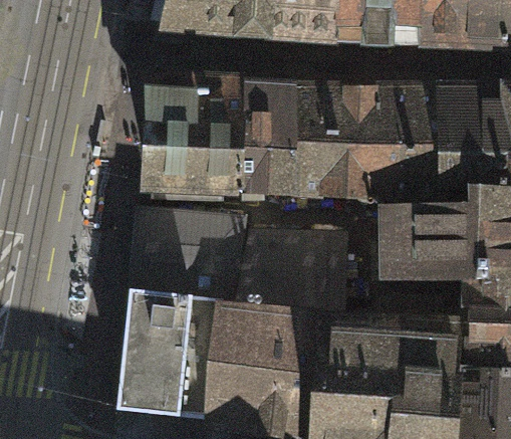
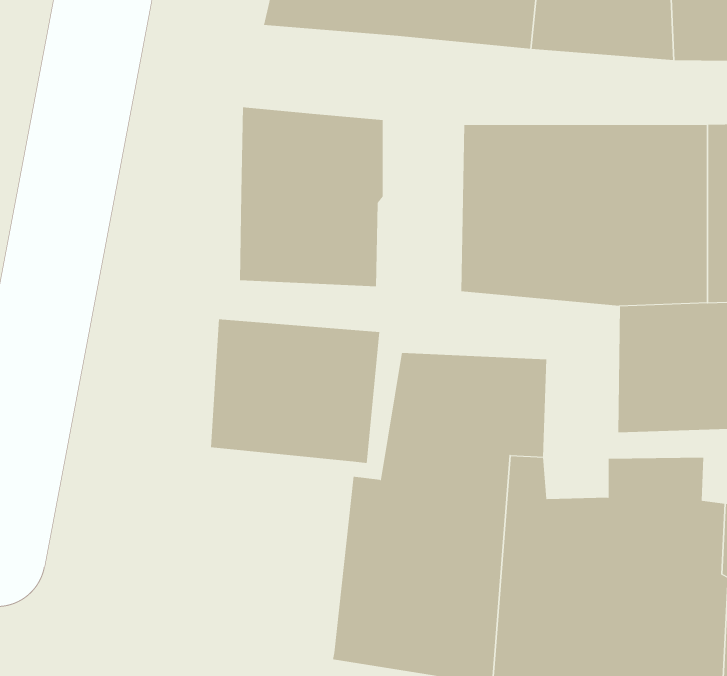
building: [238,85,292,193] -> none
building: [119,290,223,419] -> none

